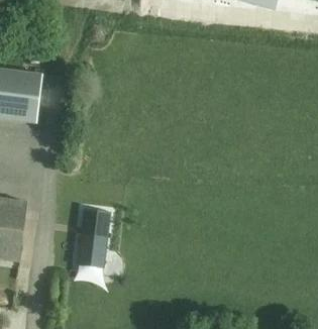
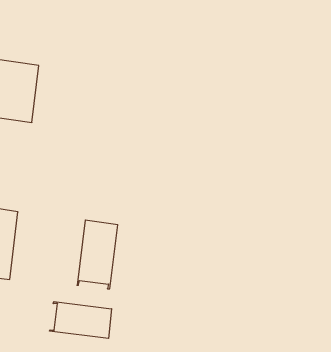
building: none -> [50,302,112,338]

